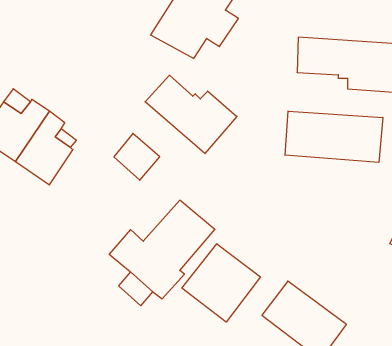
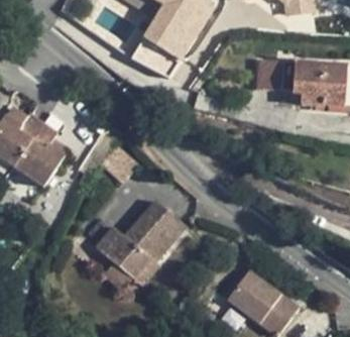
building: [145,75,237,154] -> none
building: [285,111,383,162] -> none
building: [182,244,260,322] -> none

